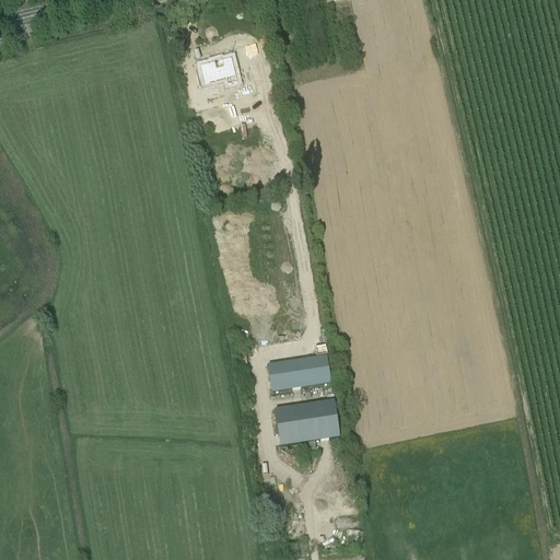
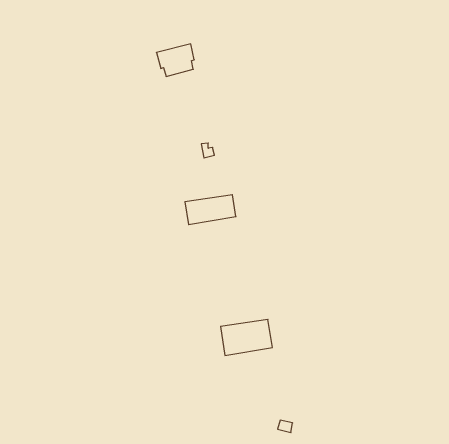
building: [267,353,330,390] -> [185,195,236,225]

